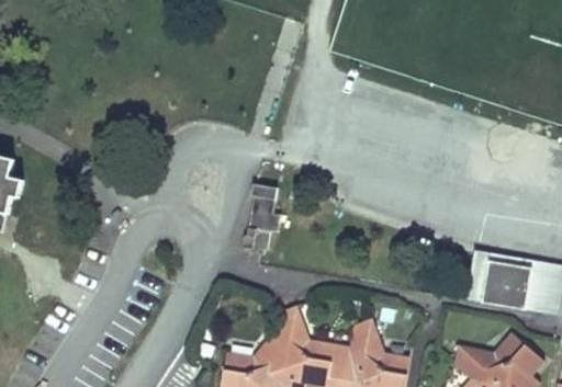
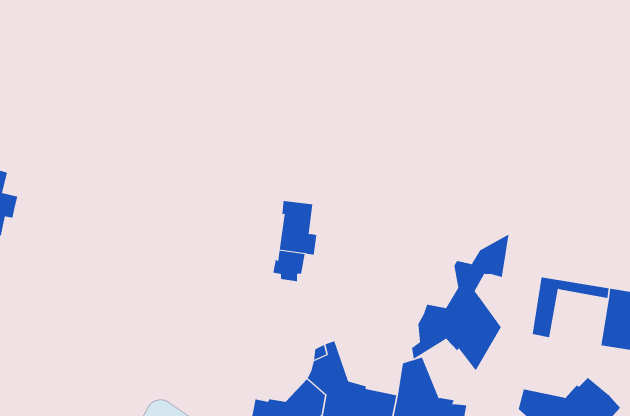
building: none -> [412,234,509,371]
building: [482,260,532,308] -> none

